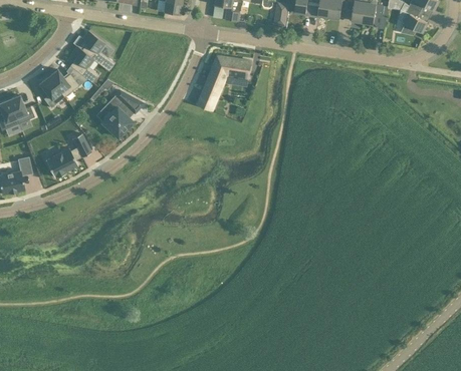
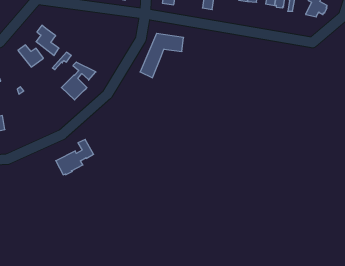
building: [81,30,113,70] -> none
building: [38,76,63,107] -> none
building: [44,133,90,176] -> [56,139,94,175]

